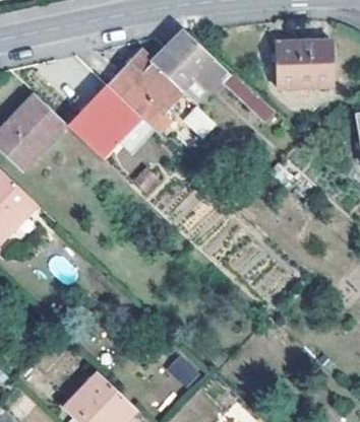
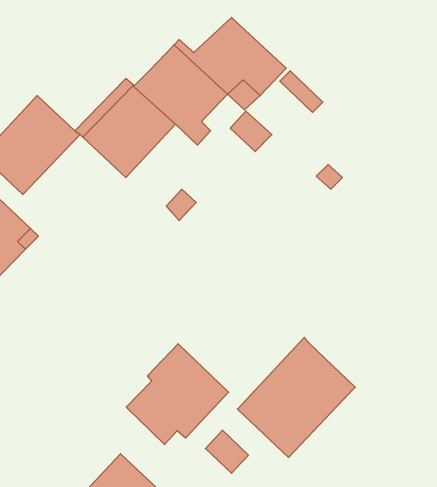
building: [276,42,333,85] -> none
building: none -> [237,337,355,457]
building: none -> [126,344,229,445]

